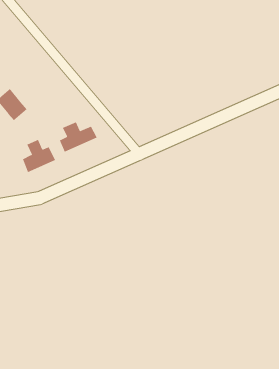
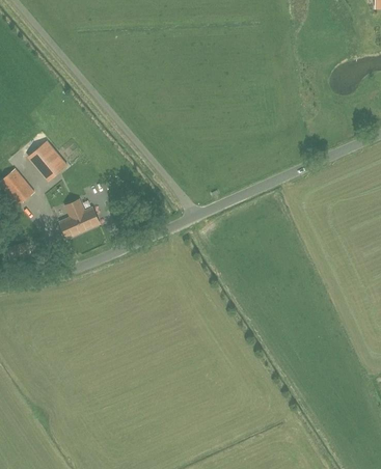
building: [59,121,97,153] -> none

